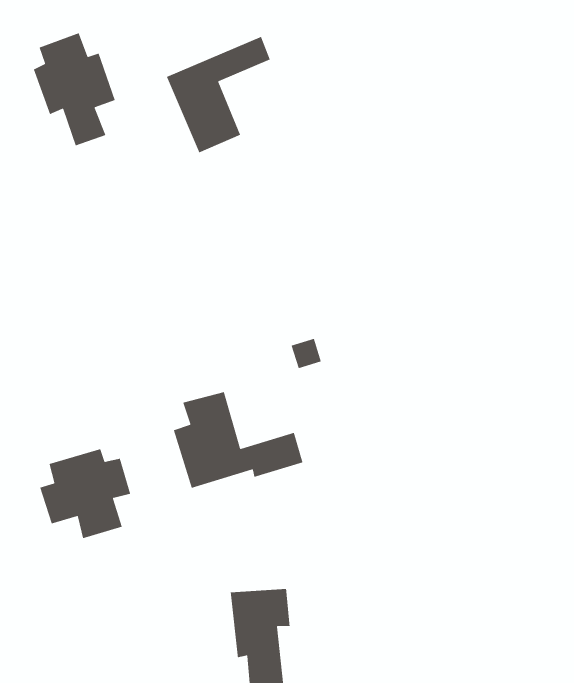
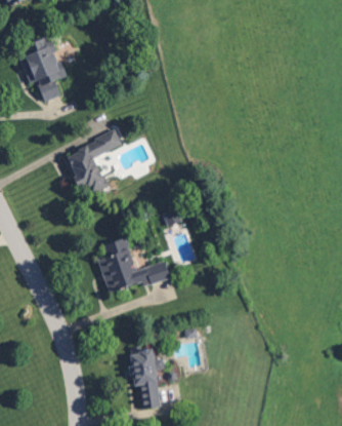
building: [166,36,271,154] -> [65,130,123,196]
building: [39,448,131,539] -> none

